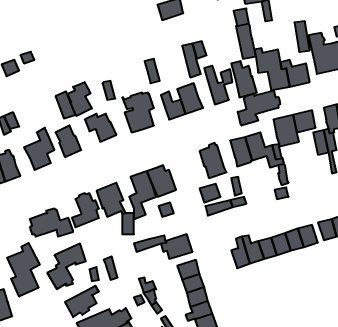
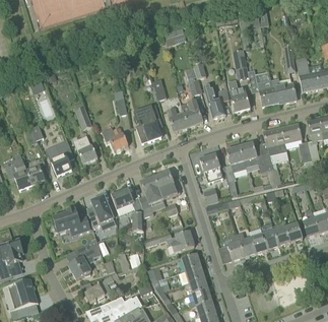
building: [67,82,92,116] -> none
building: [238,91,280,126] -> none
building: [7,243,40,297] -> none

